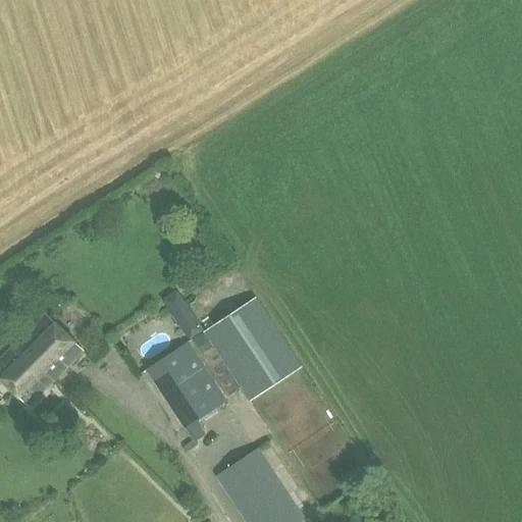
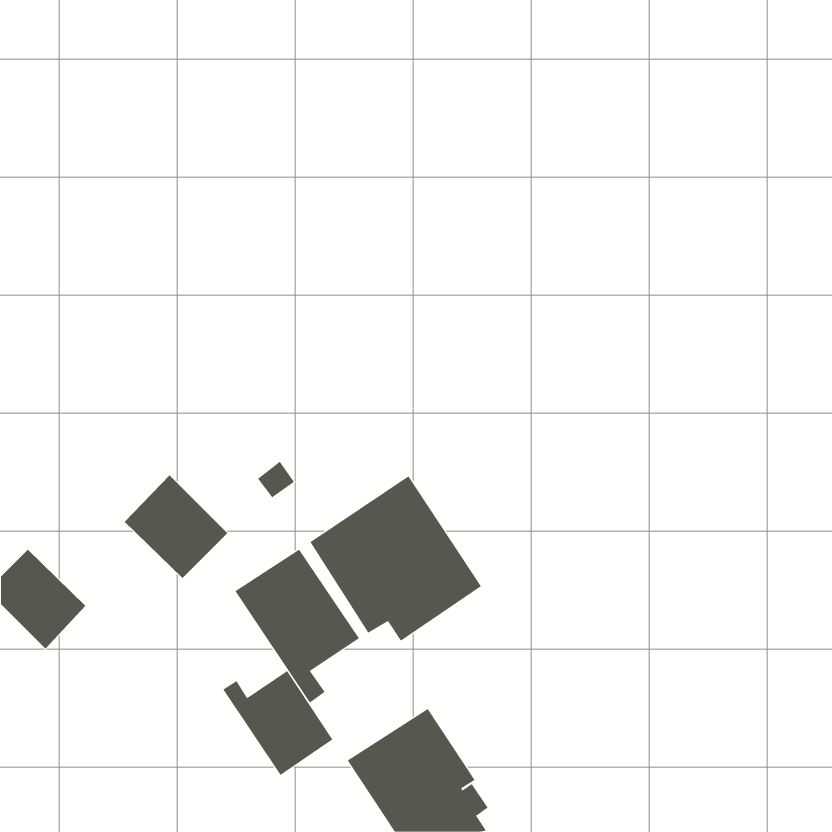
building: [17,314,83,379] -> [124,475,228,579]
building: none -> [223,670,333,776]

